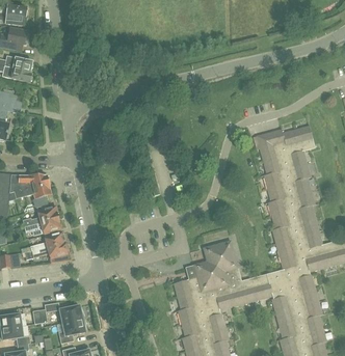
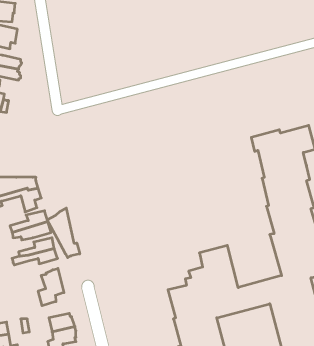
building: none -> [47,208,80,258]
building: none -> [38,268,64,306]

